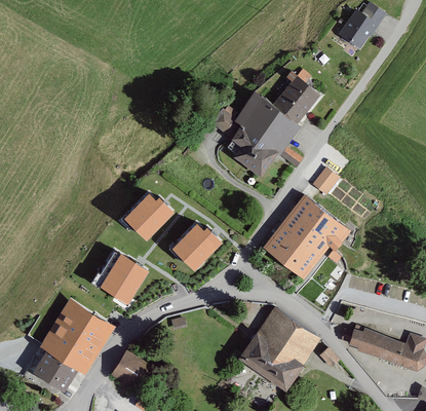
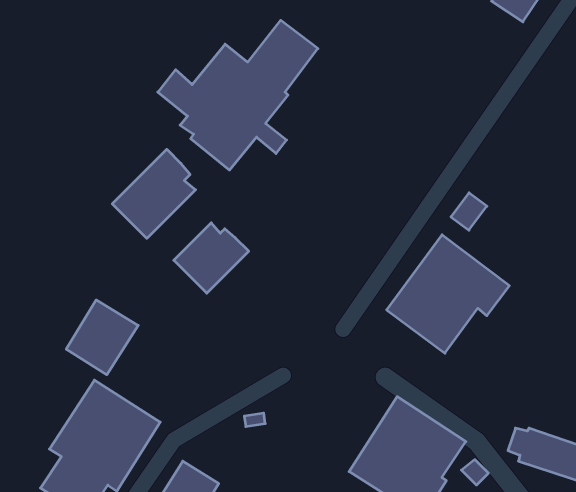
building: [210,76,320,179] -> [158,20,318,170]
building: none -> [112,149,196,238]
building: [168,219,219,266] -> none
building: [96,249,146,300] -> [66,300,138,375]

